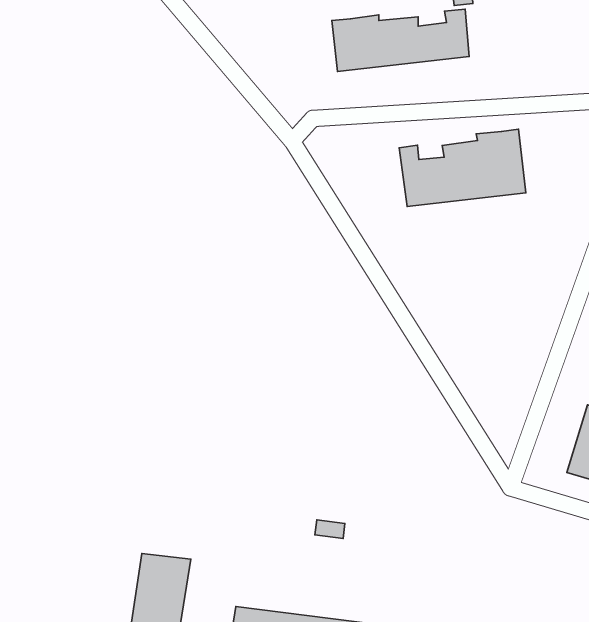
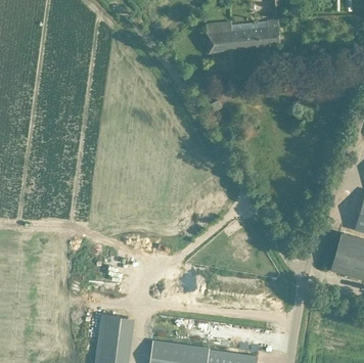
building: [399,129,526,207] -> none

